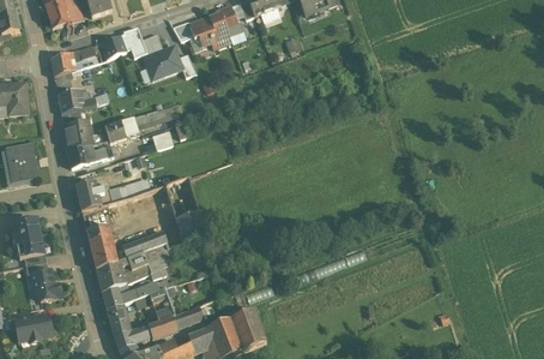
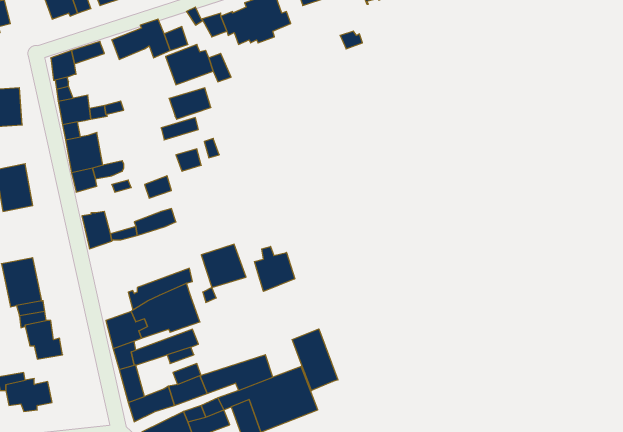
building: [104,118,138,143] -> [169,88,211,119]
building: none -> [255,246,295,291]
building: [87,225,117,269] -> none
building: none -> [292,329,338,391]

